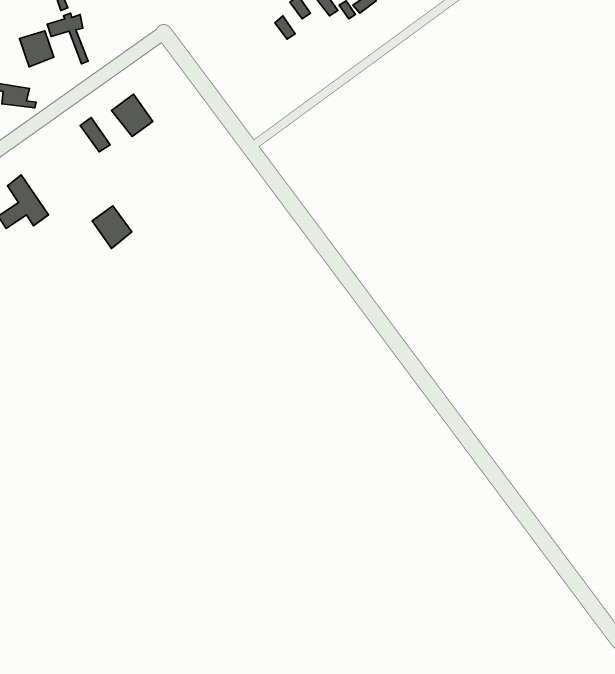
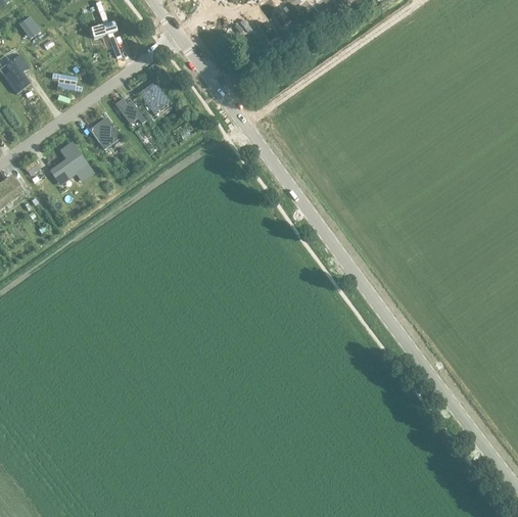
building: [20,31,54,67] -> none
building: [92,206,132,248] -> [90,115,120,147]

